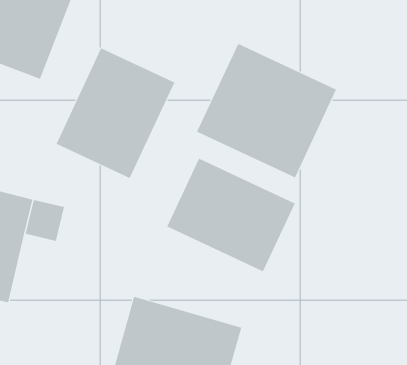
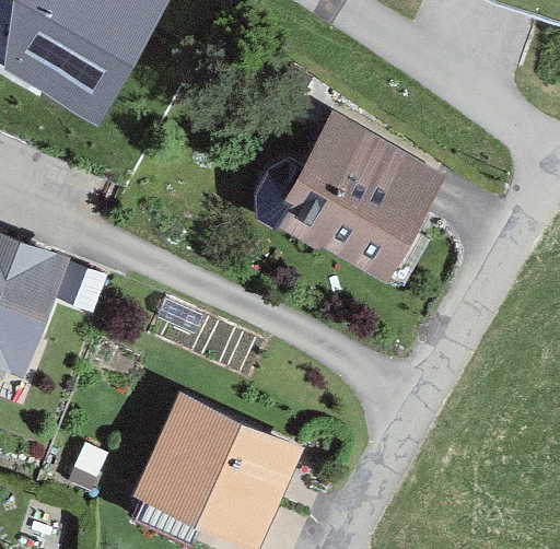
building: [56,48,175,179] -> none
building: [167,158,296,272] -> none

